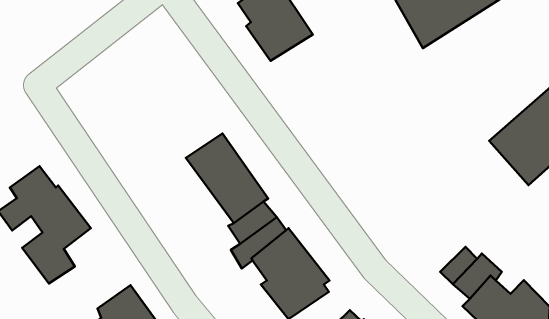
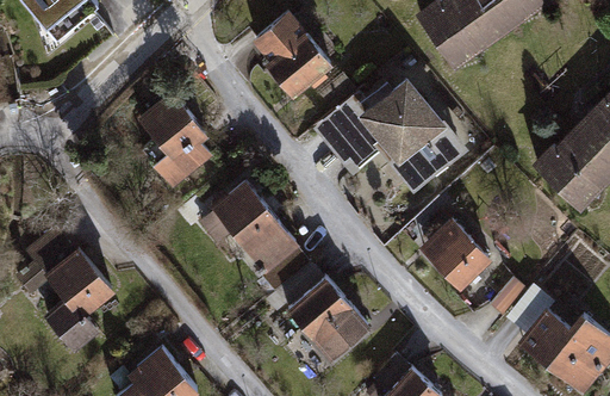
building: none -> [313,69,468,196]
building: none -> [138,87,213,186]
building: none -> [418,215,491,289]

